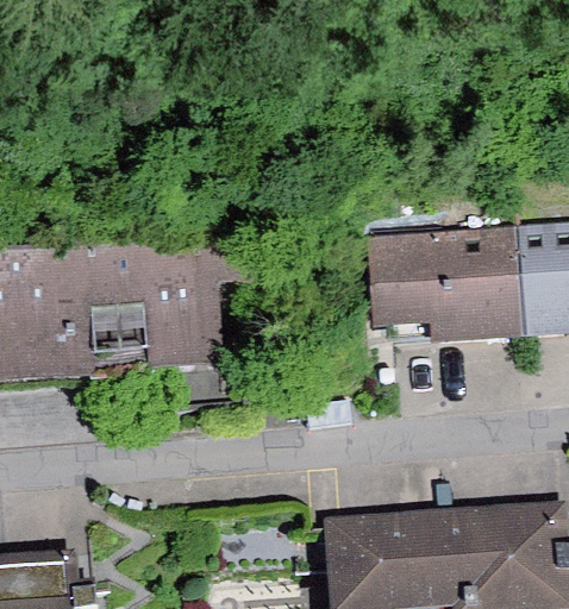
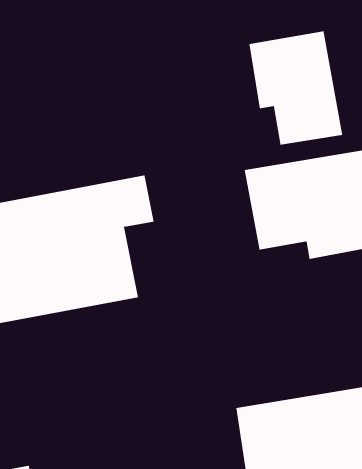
building: none -> [249,30,343,146]

